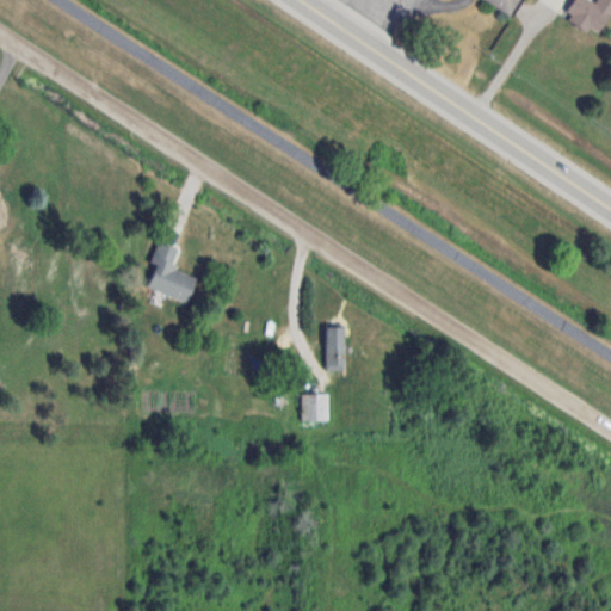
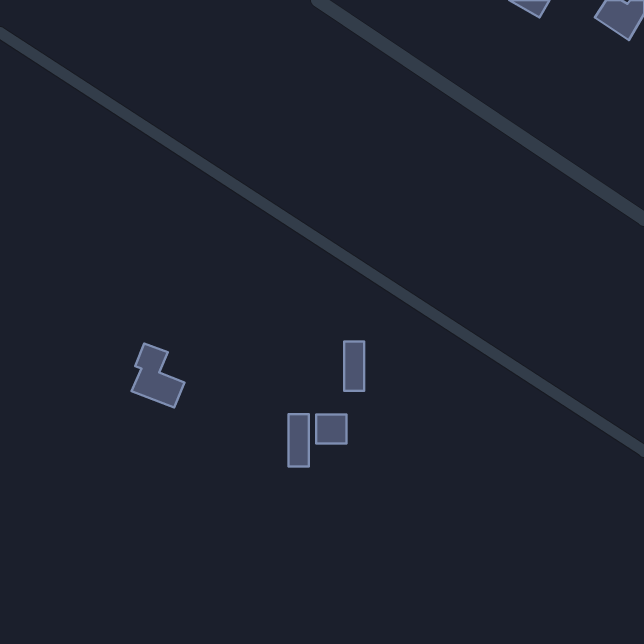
building: [146,241,196,302] -> [131,343,184,408]
building: none -> [289,414,309,467]

